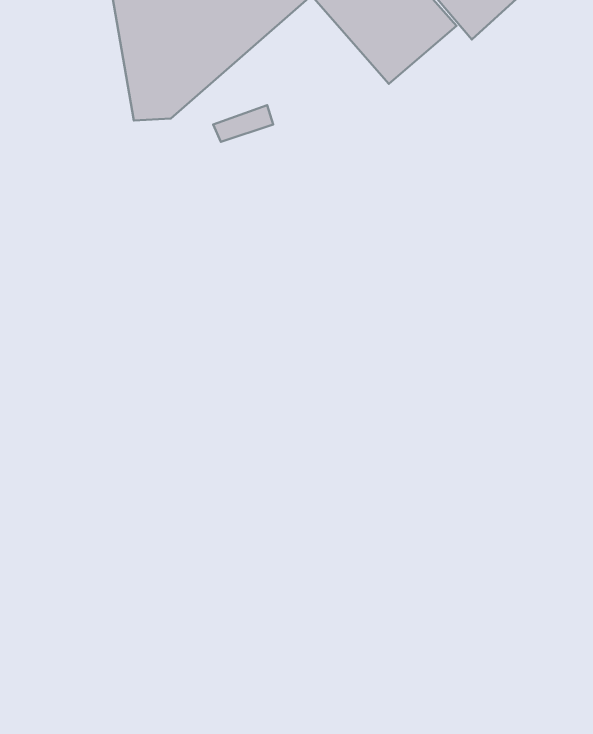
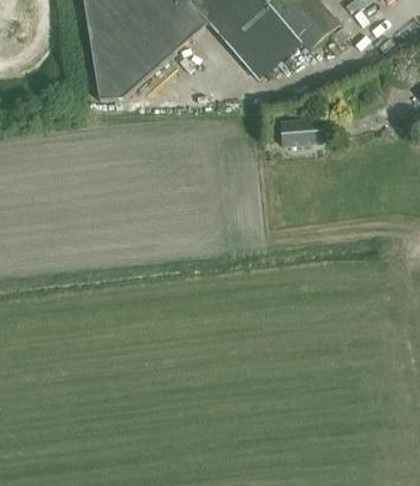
building: none -> [281,118,323,146]

